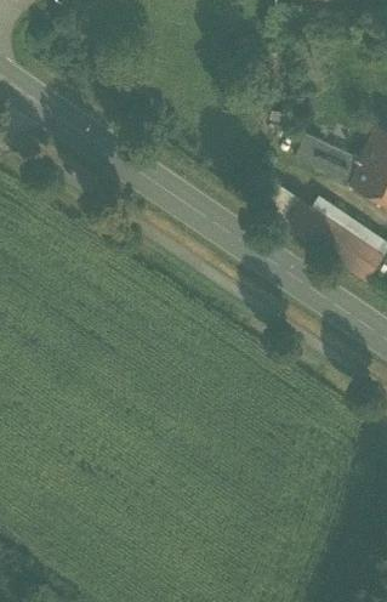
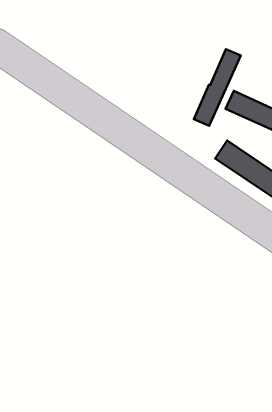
building: none -> [194,49,241,126]

